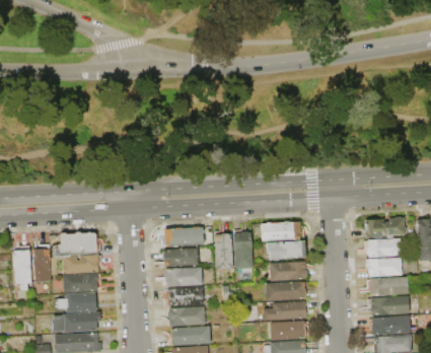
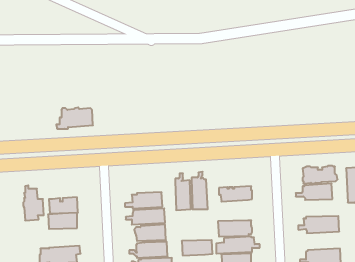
building: [260,222,303,242] -> none
building: [160,228,204,248] -> none
building: [54,231,97,257] -> [56,107,93,129]
building: [13,246,31,291] -> none
building: [359,258,402,277] -> none
building: [269,263,305,281] -> [182,240,213,255]
building: [58,292,97,313] -> none
building: [360,296,410,315] -> none

